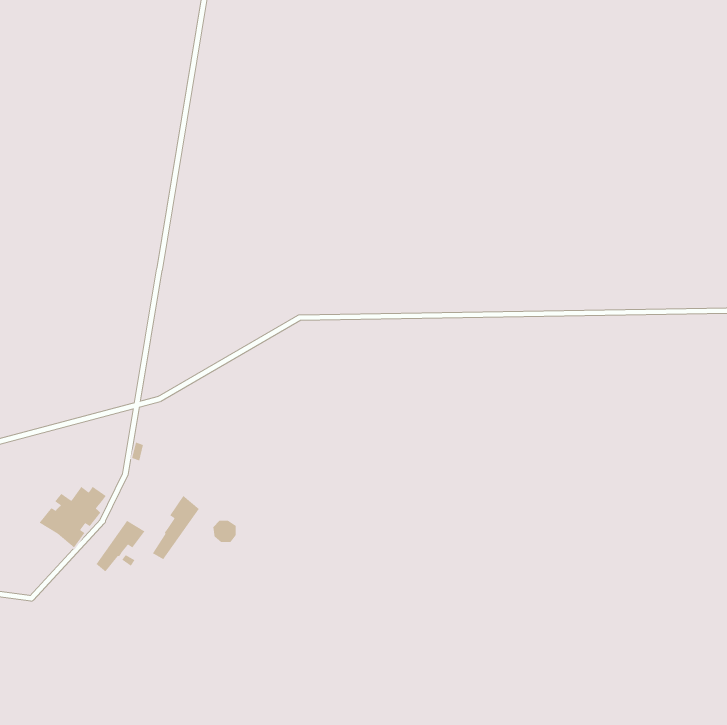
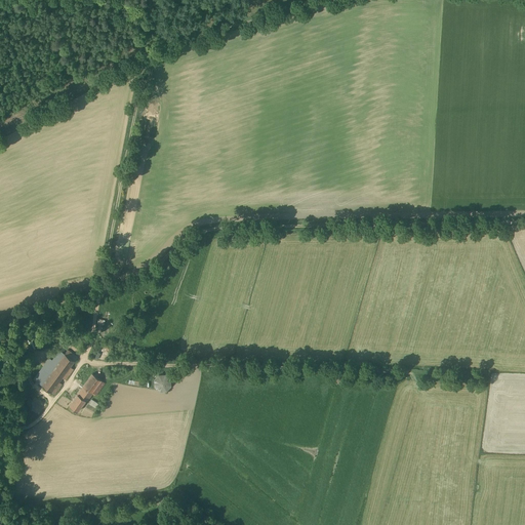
building: [152,495,200,560] -> none

